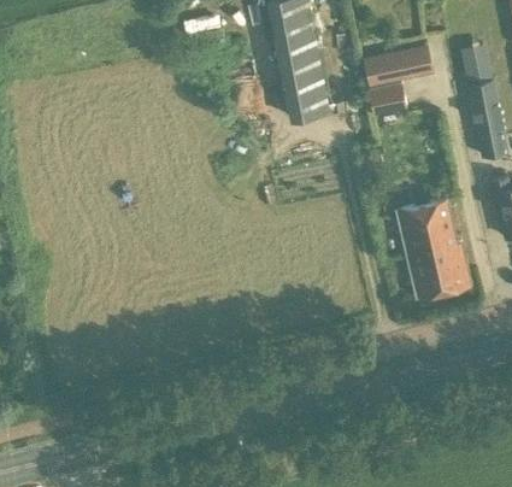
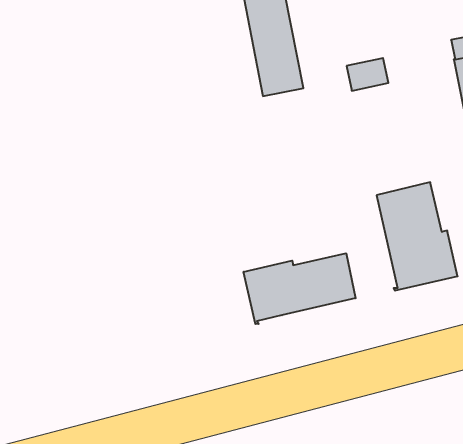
building: [367,48,434,88] -> none
building: none -> [244,253,356,324]

